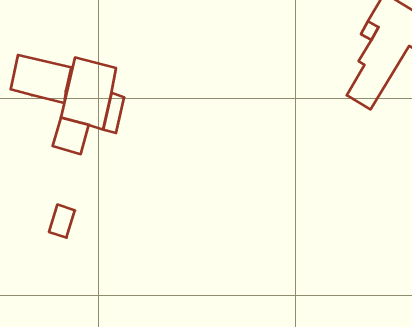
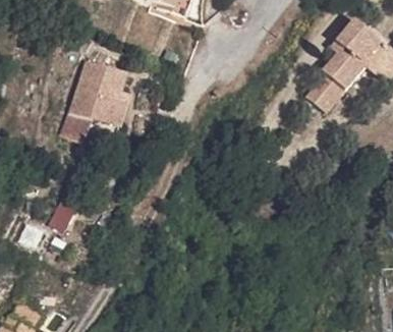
building: [11,55,71,103] -> none

